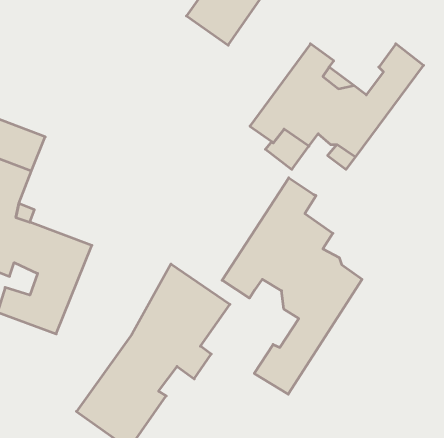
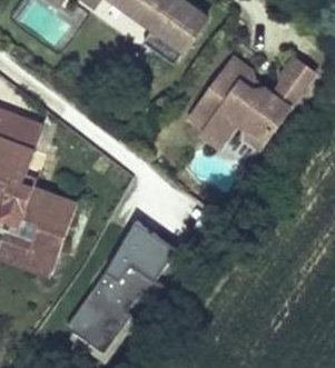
building: [222,178,362,394] -> none

